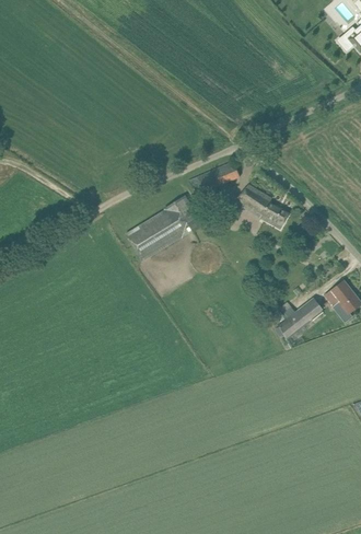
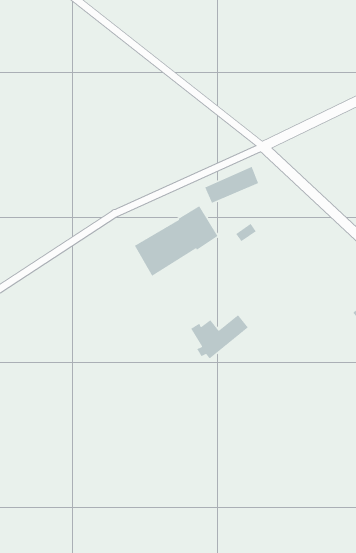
building: [234,184,289,228] -> none
building: [269,297,323,338] -> [190,314,249,360]

